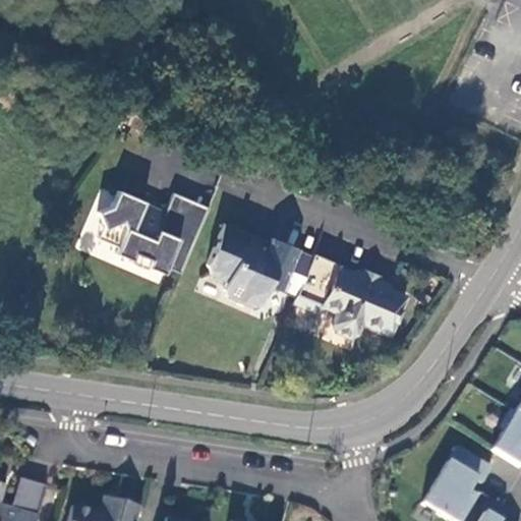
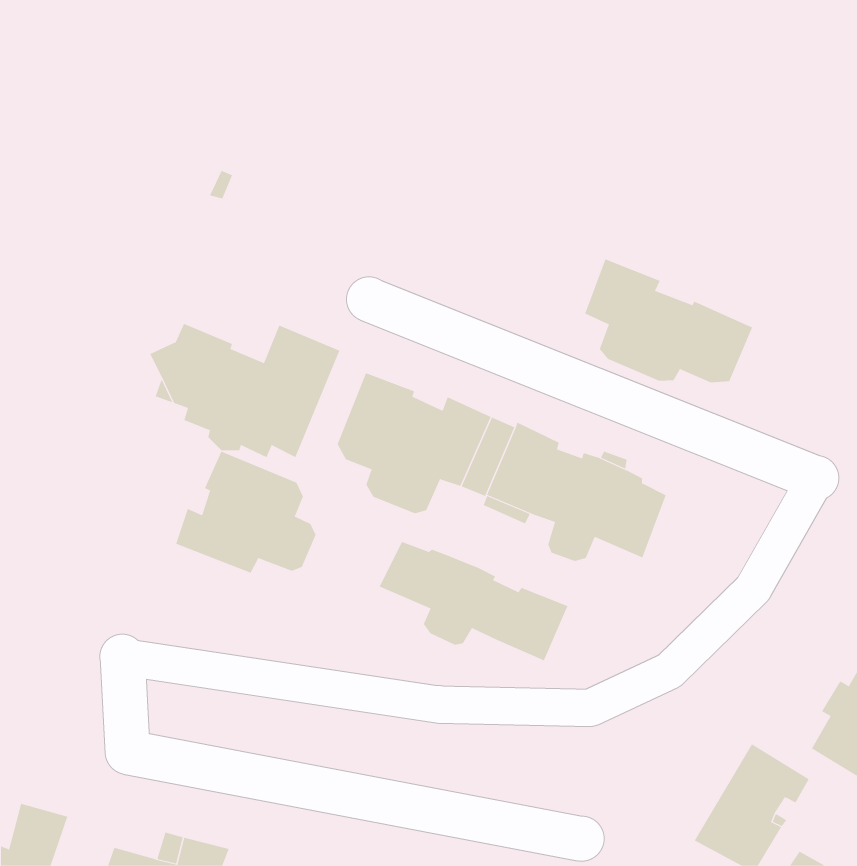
building: none -> [585,259,753,383]
building: none -> [175,451,316,574]
building: none -> [379,541,569,661]

